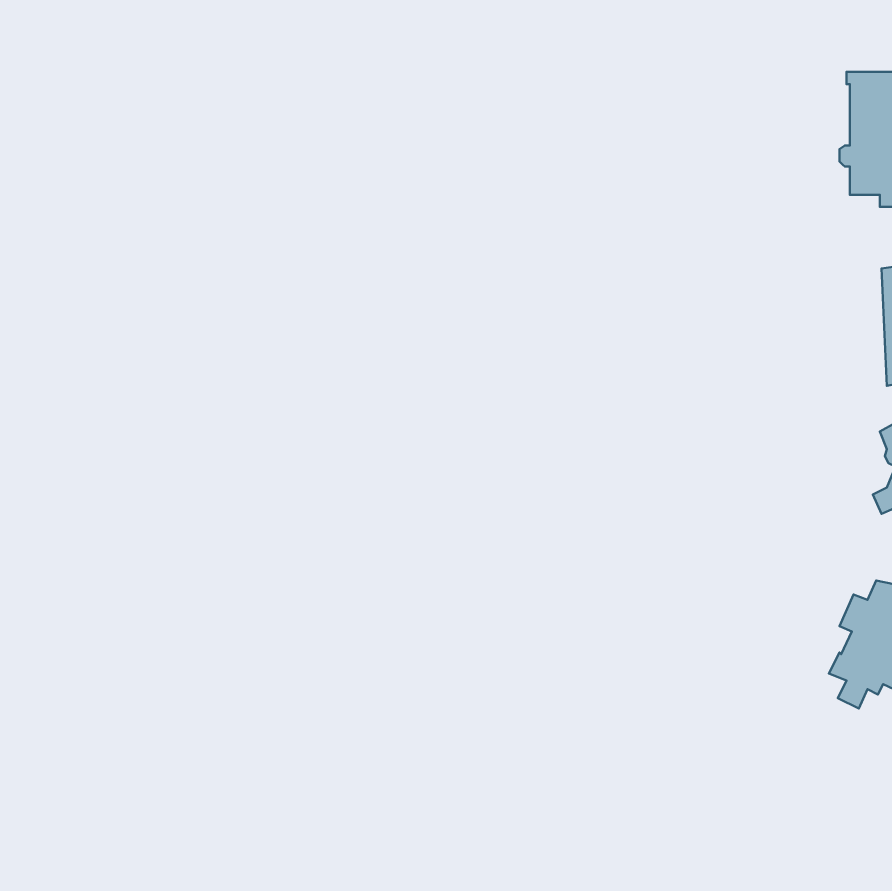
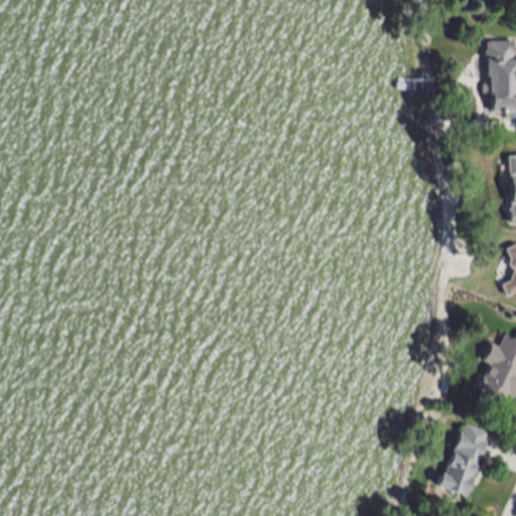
building: none -> [437,424,489,496]

